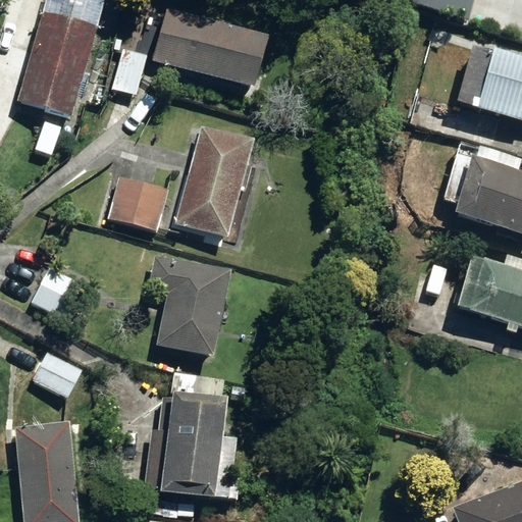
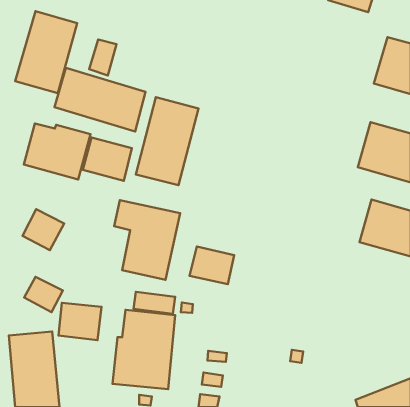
building: [156,13,271,94] -> [55,68,145,131]
building: none -> [24,124,90,179]
building: none -> [190,246,234,284]
building: none -> [59,303,102,340]

